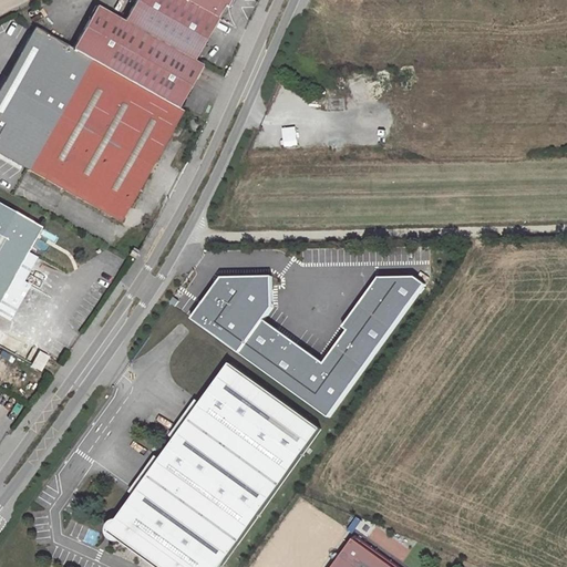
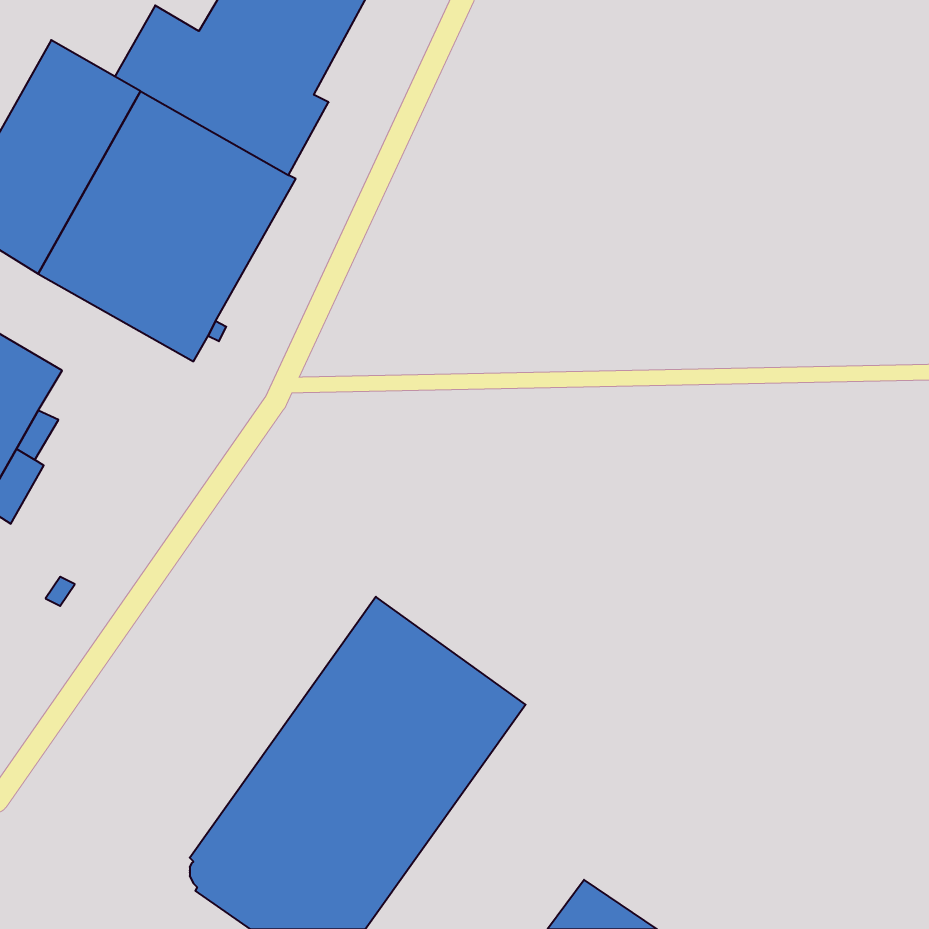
building: [192,277,422,417] -> none

